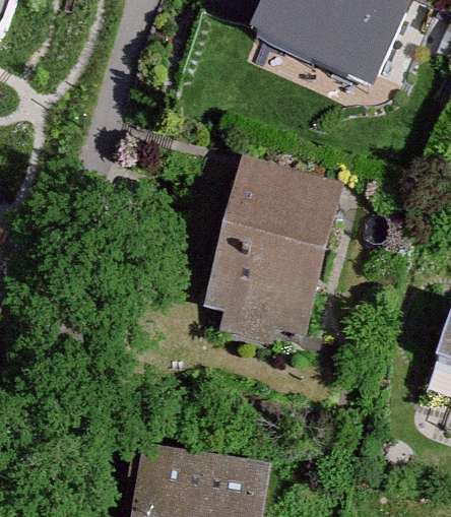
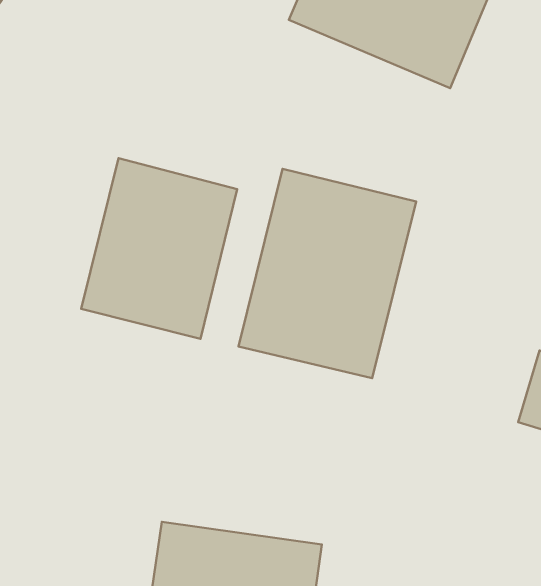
building: none -> [81,158,237,339]

